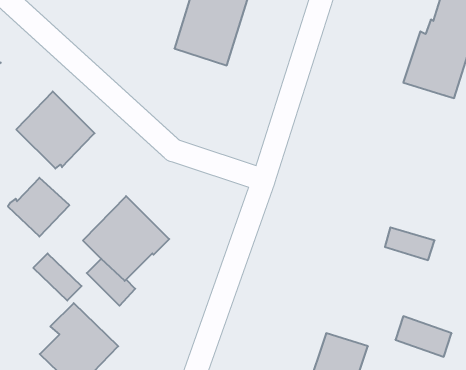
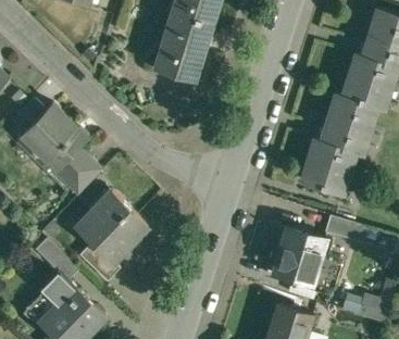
building: none -> [301,96,376,196]
building: [8,178,69,237] -> [50,148,101,197]
building: none -> [265,227,333,291]

